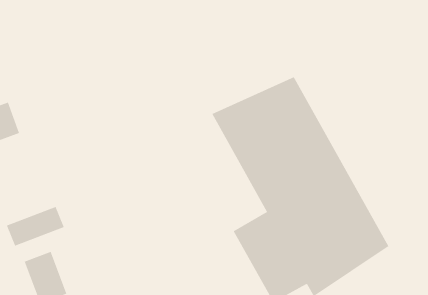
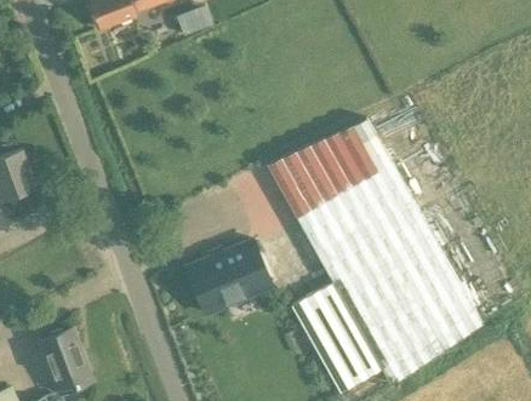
building: none -> [185,240,272,313]
building: [6,206,64,247] -> none

